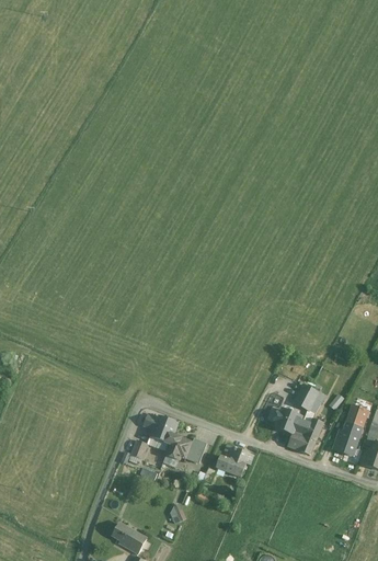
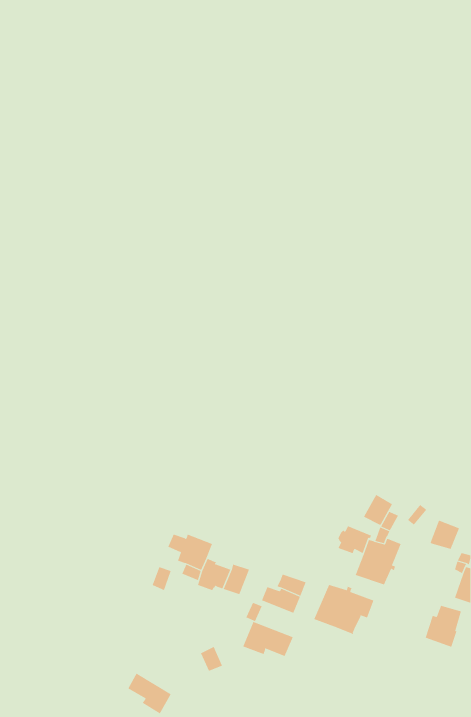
building: [333,423,362,456] -> [425,605,462,648]
building: none -> [313,584,374,635]
building: none -> [243,621,293,657]

